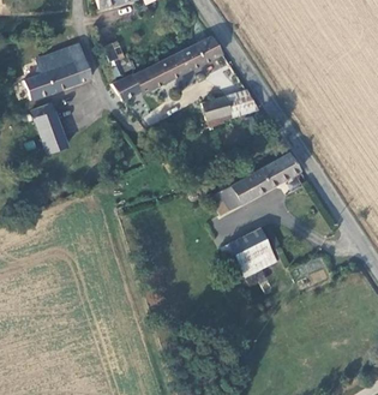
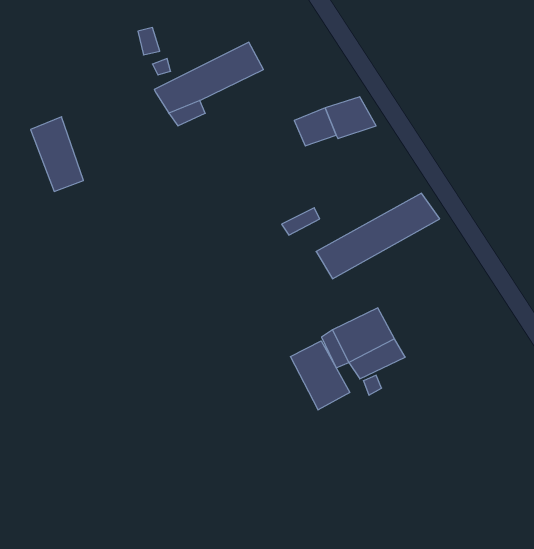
building: [175,37,223,72] -> none
building: [23,44,92,100] -> none
building: none -> [290,341,350,410]

